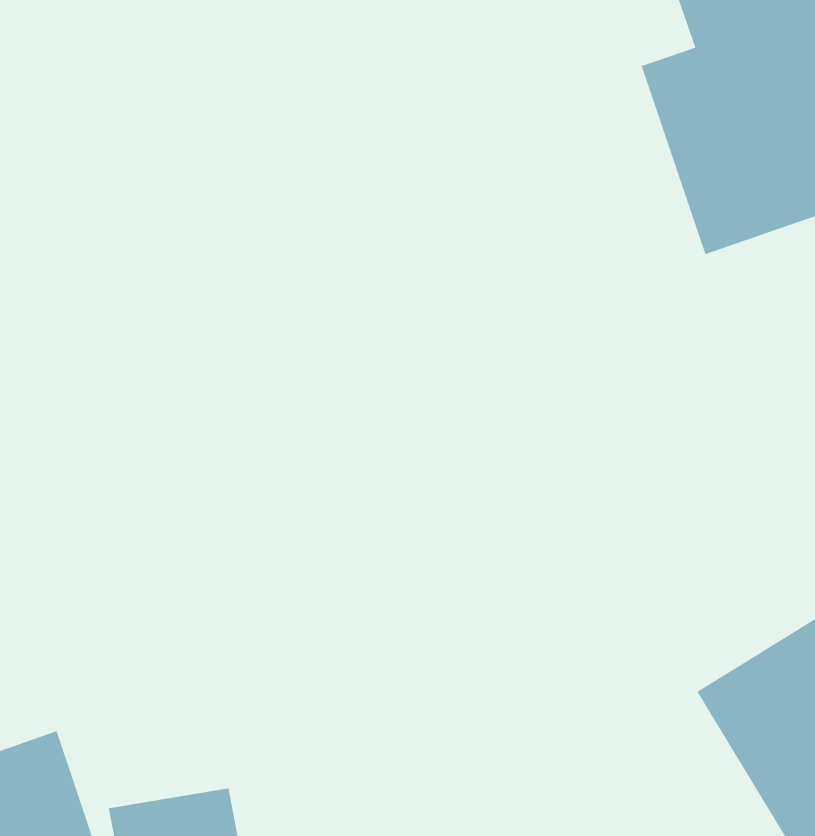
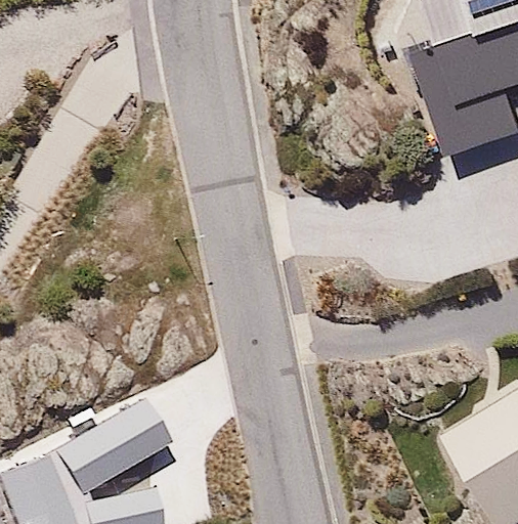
building: none -> [58,401,172,493]

